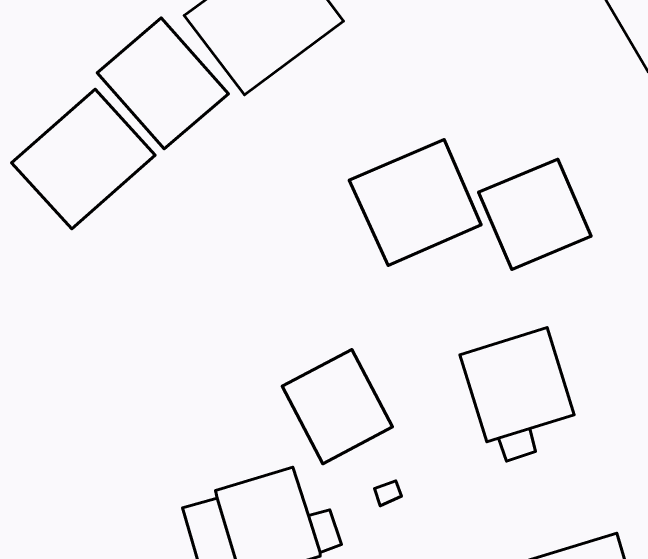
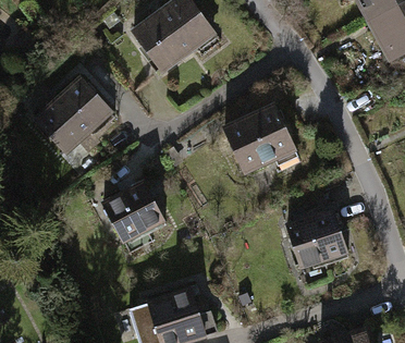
building: [97,18,228,149] -> none
building: [479,159,591,269] -> none
building: [282,349,393,464] -> [105,180,167,244]

